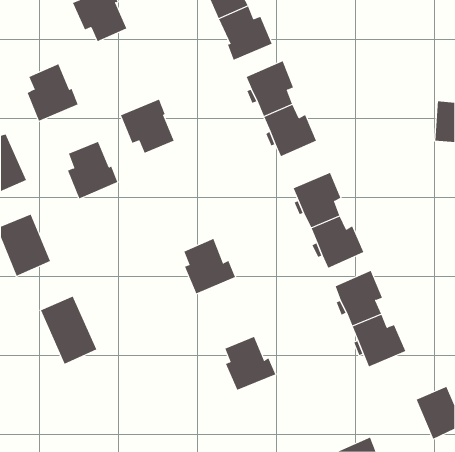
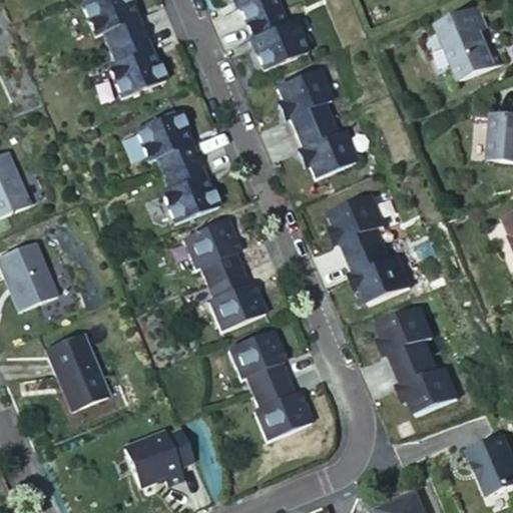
building: none -> [436,5,494,78]
building: [27,63,78,121] -> [107,32,165,97]
building: [67,141,118,199] -> [161,158,218,223]
building: none -> [181,219,240,283]
building: none -> [227,329,287,392]
building: none -> [124,428,194,485]

